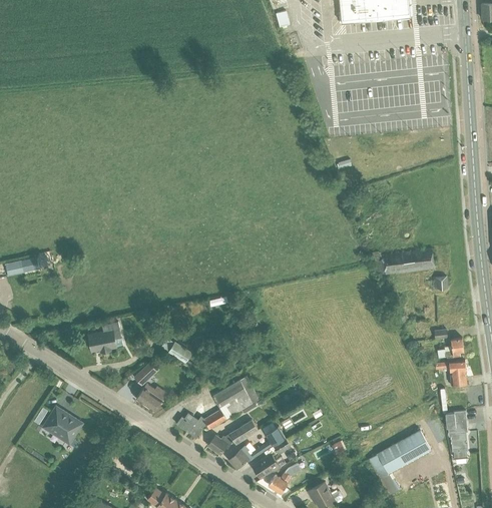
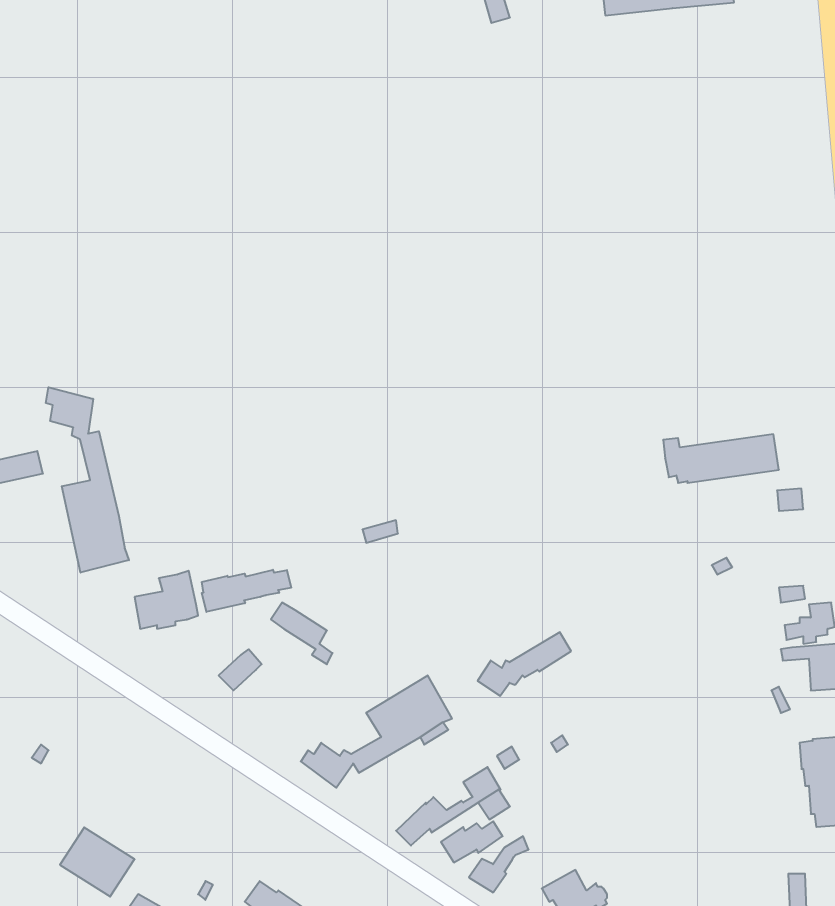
building: none -> [46,387,129,573]
building: none -> [202,570,291,612]
building: [135,383,164,411] -> none
building: [42,406,82,443] -> [60,827,135,897]
building: [207,420,258,454] -> [478,632,571,696]
building: [370,430,430,494] -> none

